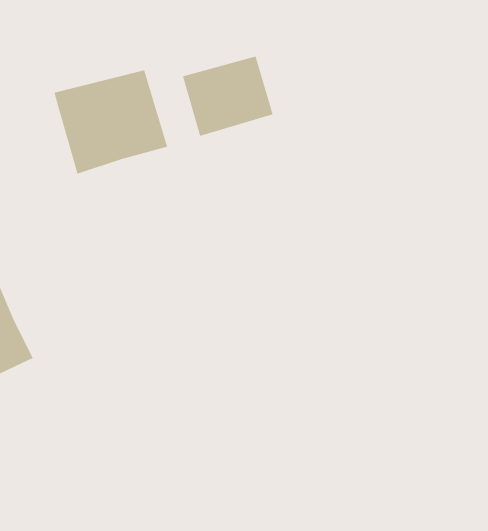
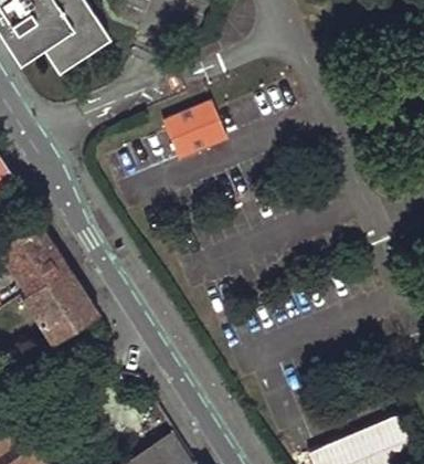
building: [54,70,168,174] -> none

